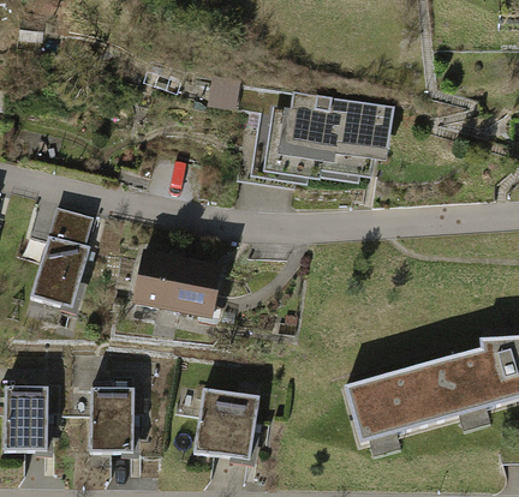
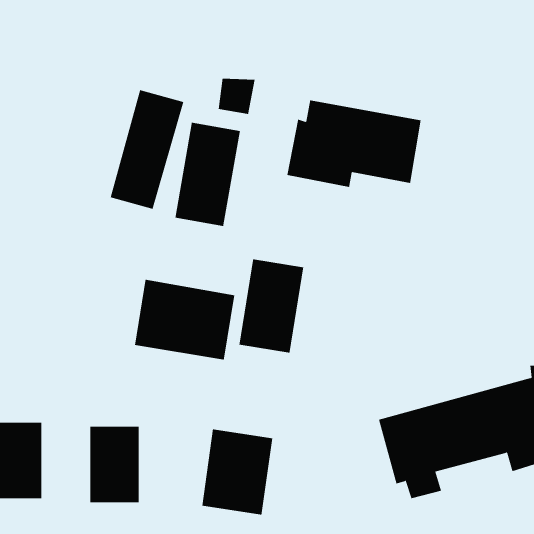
building: none -> [175,122,240,227]
building: [34,199,100,306] -> [110,90,184,210]
building: none -> [239,258,304,354]

